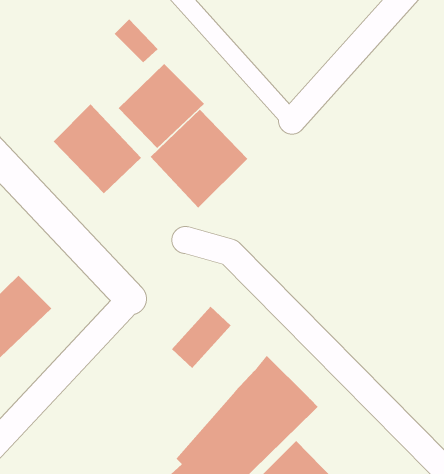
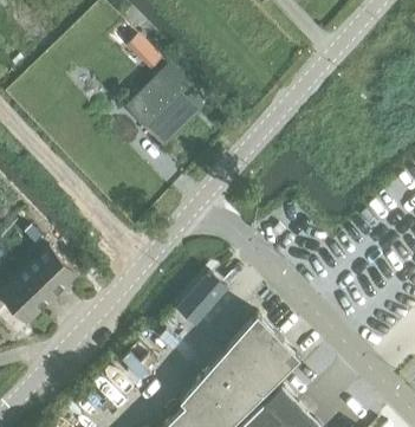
building: [53,103,142,194] -> none
building: [150,109,248,208] -> none

